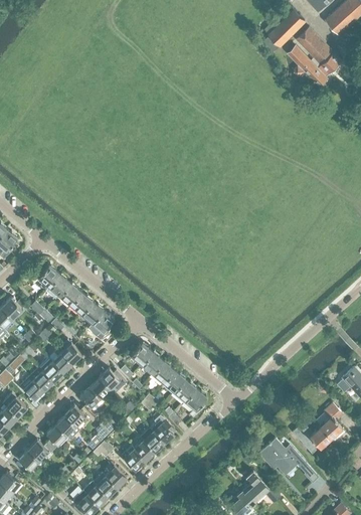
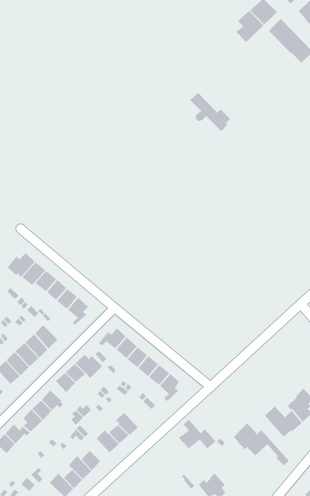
building: [288,46,330,87] -> [189,92,231,132]
building: [150,414,175,444] -> none
building: [241,471,281,502] -> [178,419,217,449]

